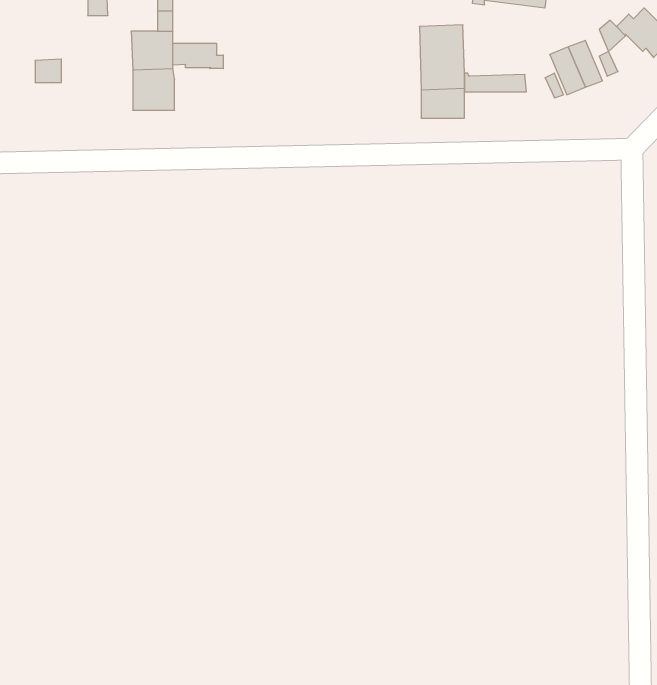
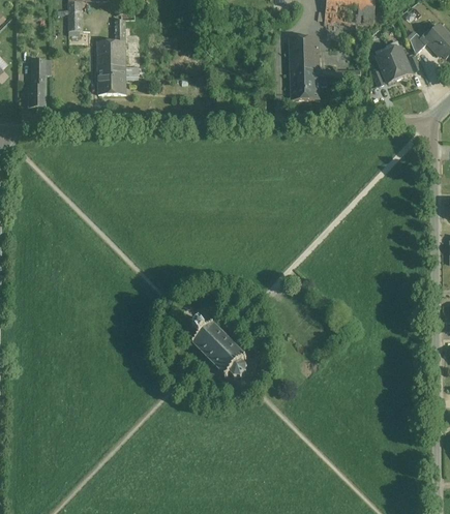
building: [173,43,223,69] -> none
building: none -> [28,73,46,105]
building: none -> [192,322,247,376]

